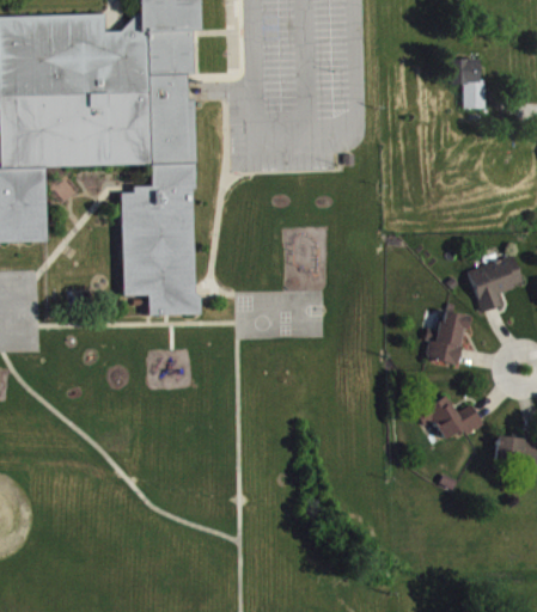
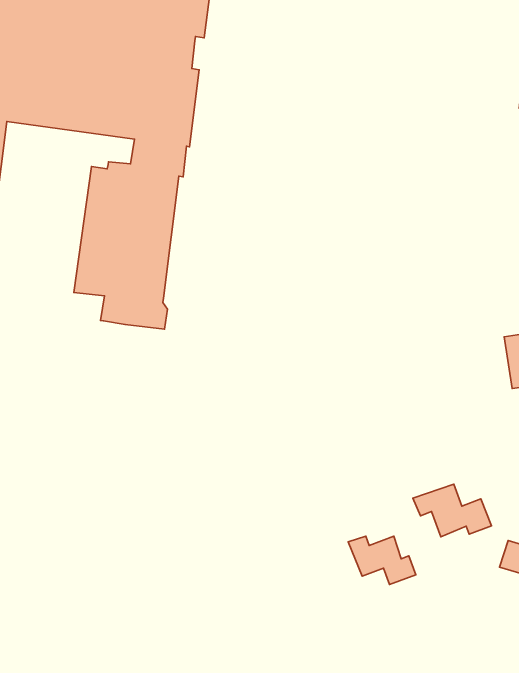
building: [431,313,475,368] -> none
building: none -> [348,536,416,584]

